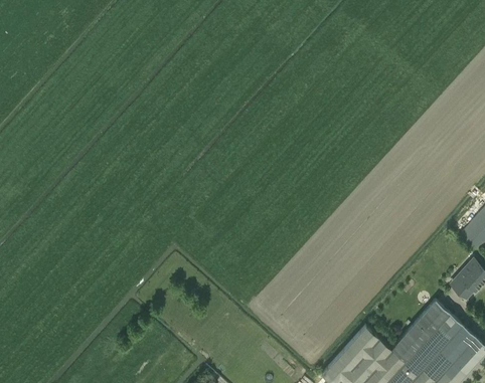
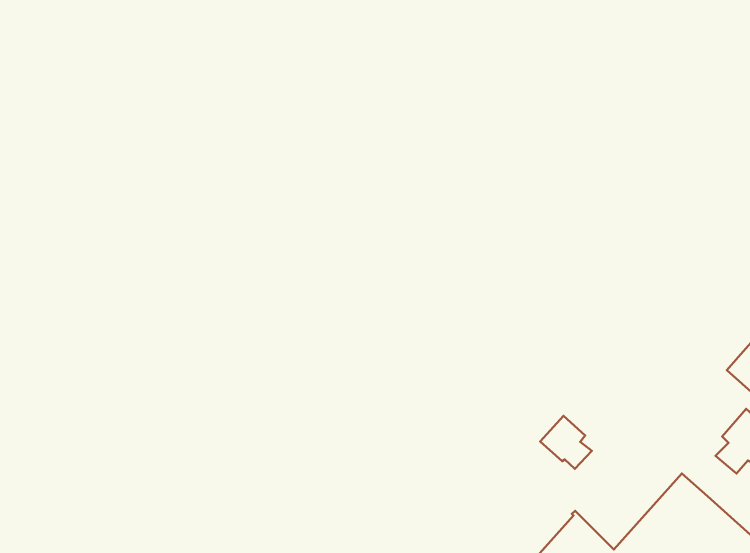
building: none -> [540,416,592,469]

